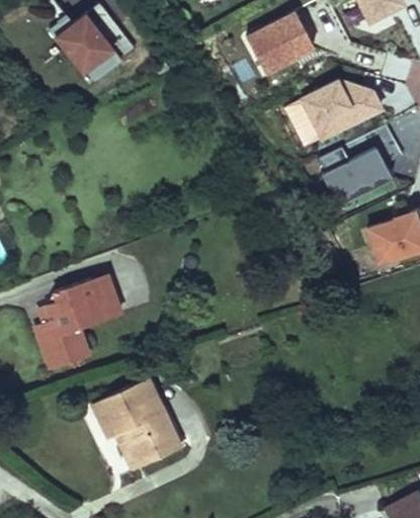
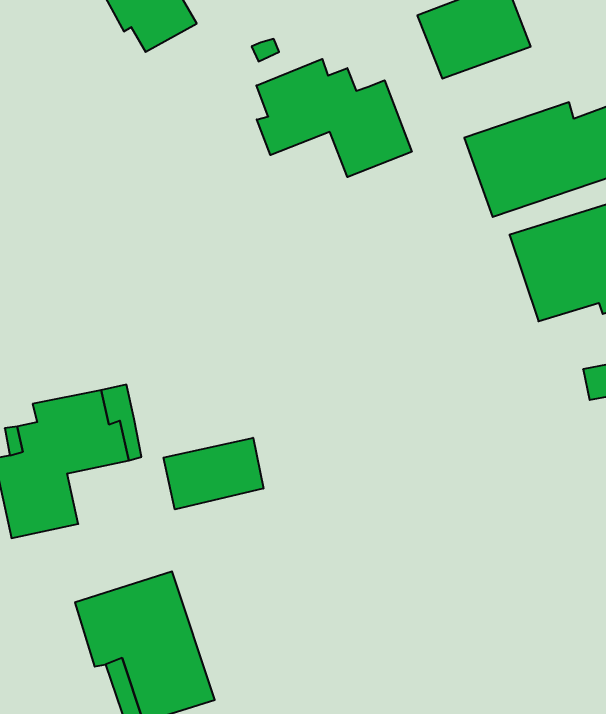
building: none -> [256,59,412,177]
building: none -> [164,438,263,509]

